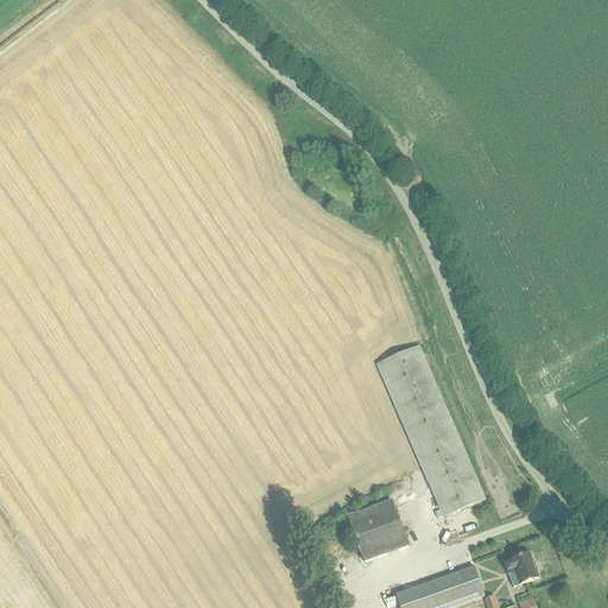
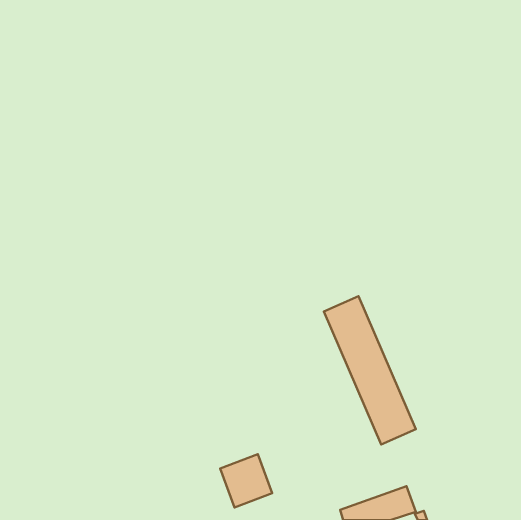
building: [347,500,407,562] -> [220,454,272,507]
building: [504,552,538,587] -> none

